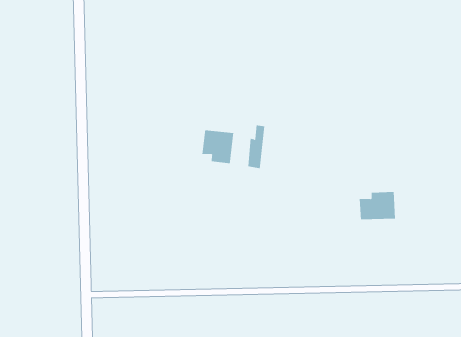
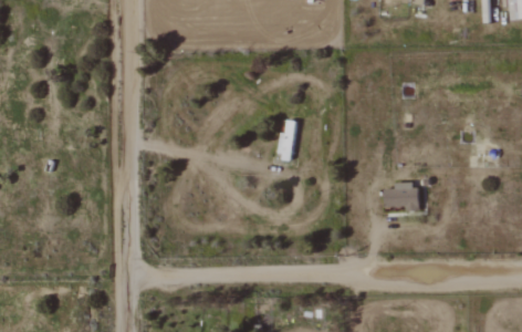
building: [202,130,234,164] -> none

